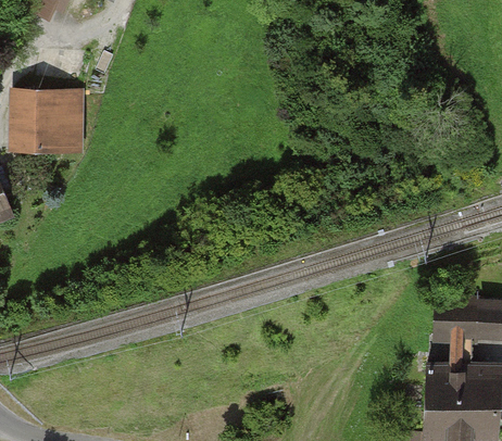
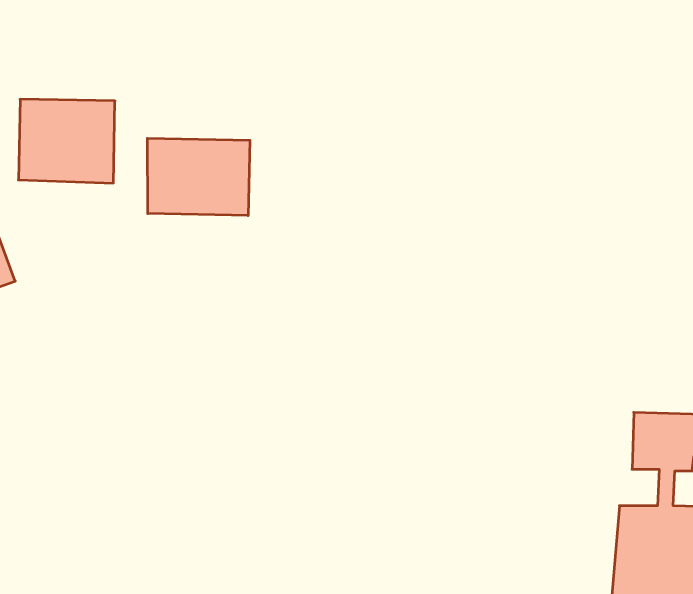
building: none -> [147,138,250,216]

